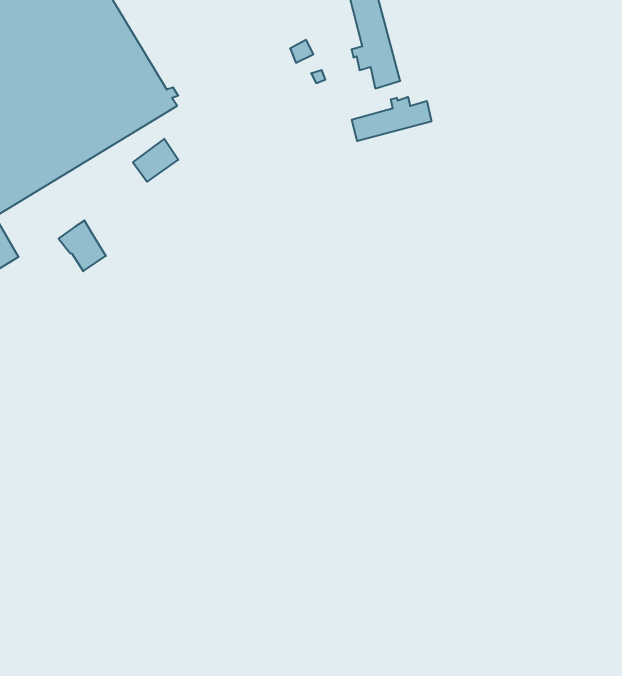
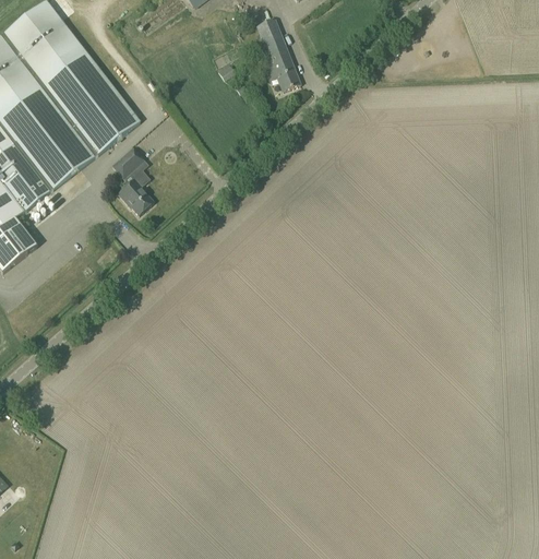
building: [352,97,431,141] -> none
building: [59,220,106,271] -> [117,176,153,213]

